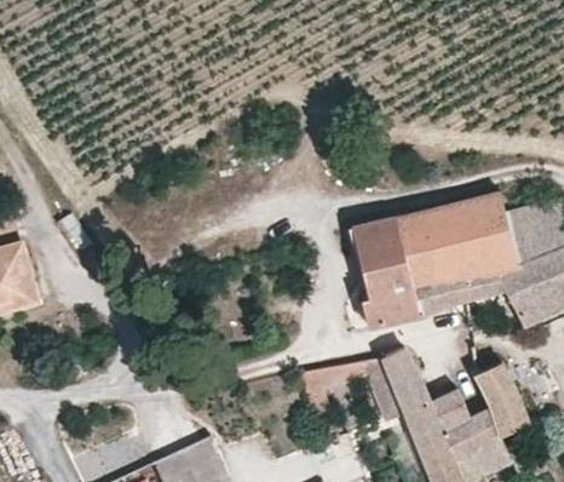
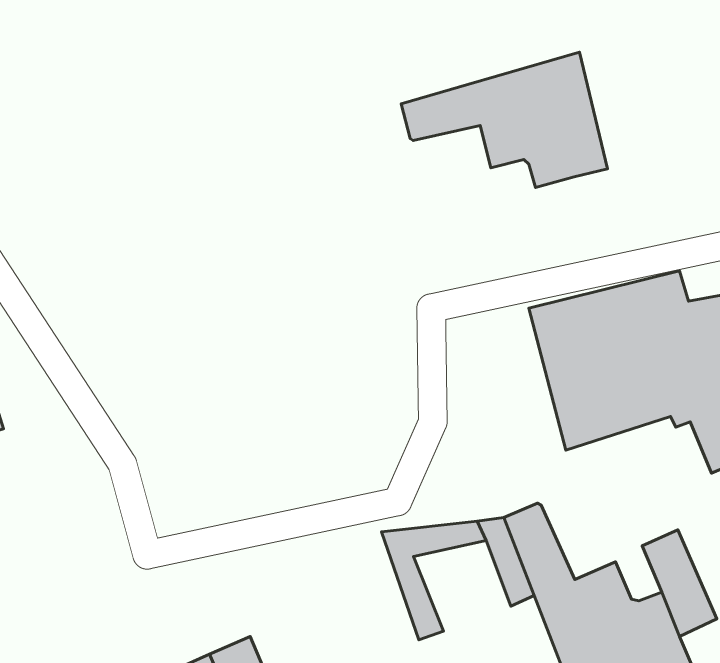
building: none -> [401,52,607,188]
building: [355,216,424,325] -> none

